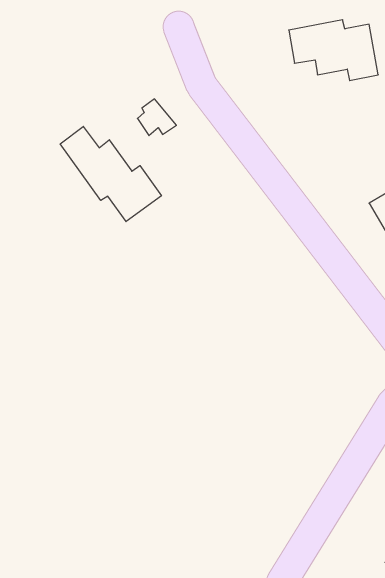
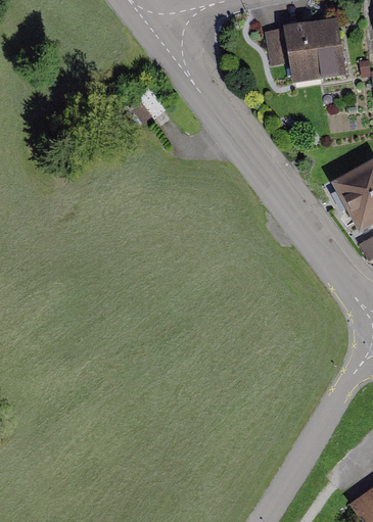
building: [60,126,161,222] -> none

